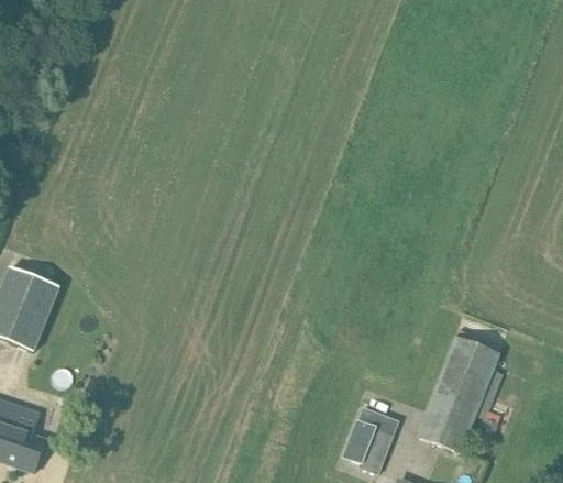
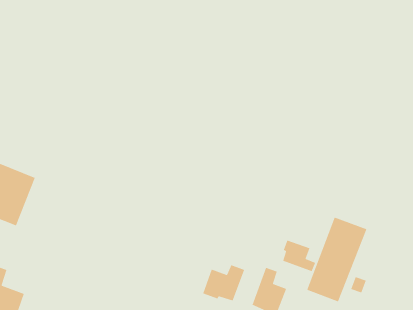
building: none -> [282,239,316,272]
building: none -> [202,264,245,302]

